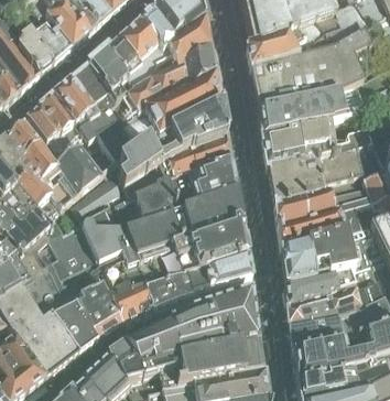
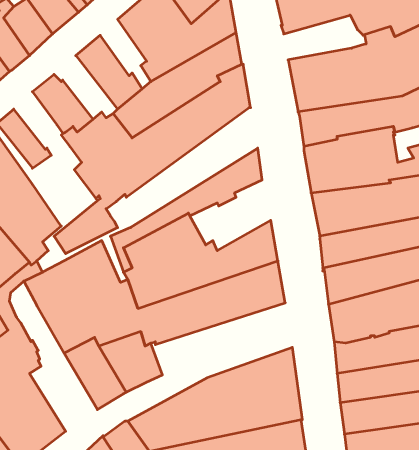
building: [248,30,304,64] -> none
building: [107,33,147,86] -> none
building: [73,61,121,109] -> none
building: [42,88,85,133] -> none
building: [112,100,228,192] -> none
building: [56,140,105,191] -> none
building: [176,155,238,209] -> none
building: [147,249,252,304] -> none
building: [44,251,106,347] -> none

